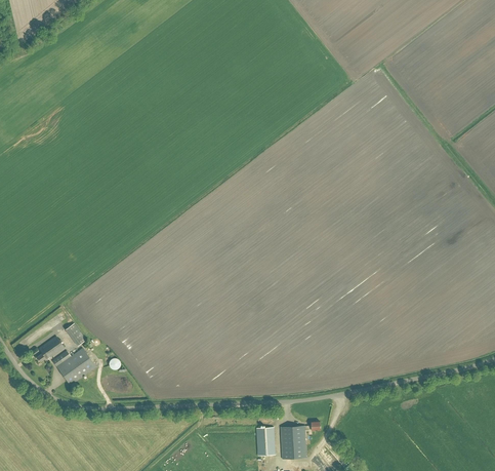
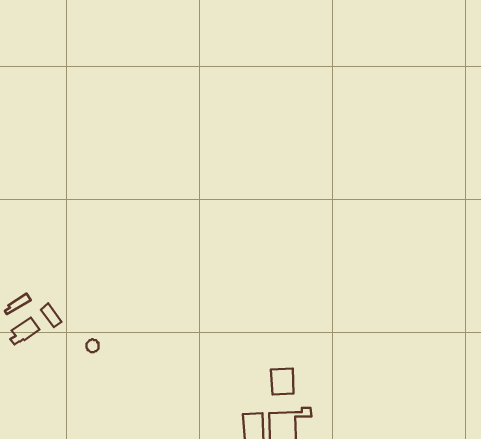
building: [52,347,96,384] -> none
building: none -> [271,369,293,394]

